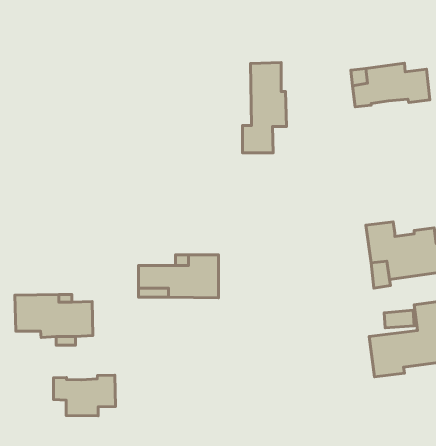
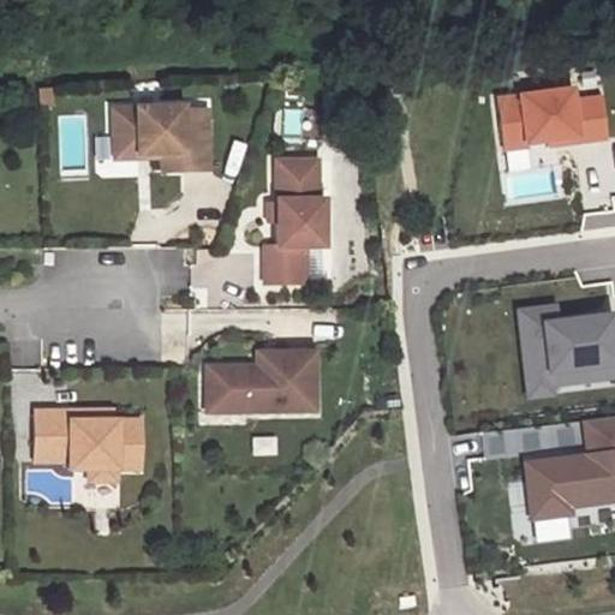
building: [243,62,286,153] -> [264,157,324,281]
building: none -> [114,106,208,169]
building: [53,375,115,416] -> none

